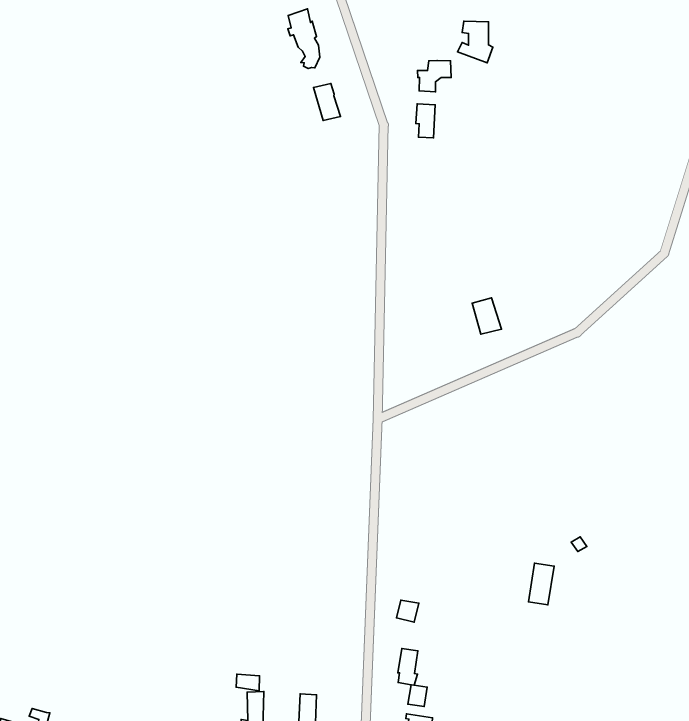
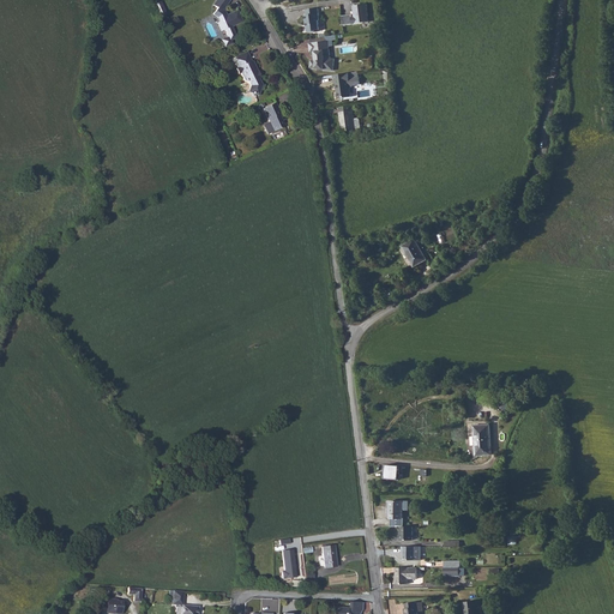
building: [457,21,493,63] -> [308,41,333,71]

